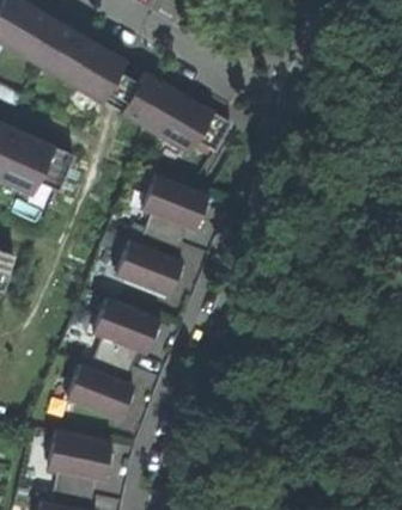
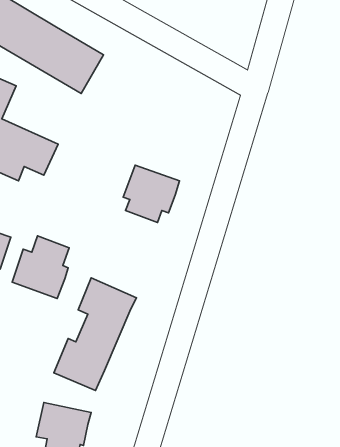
building: [120,72,229,155] -> none
building: [117,228,179,296] -> [12,236,69,299]

